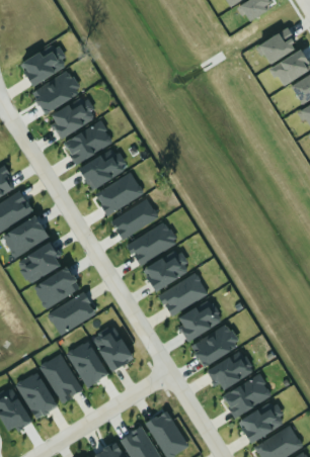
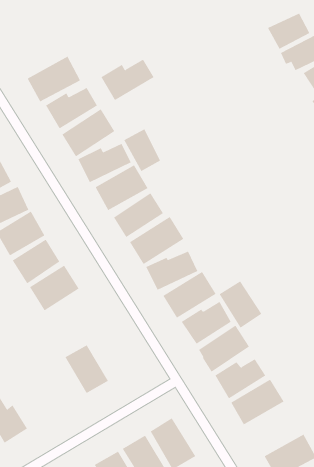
building: [18,47,69,86] -> [100,59,154,101]
building: none -> [123,128,161,172]
building: none -> [219,281,262,329]
building: [48,293,96,335] -> none
building: [92,332,132,371] -> none
building: [40,353,83,402] -> none
building: [16,372,57,419] -> none
building: [237,403,286,441] -> none

